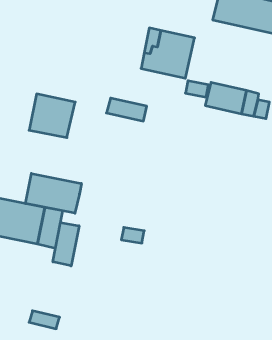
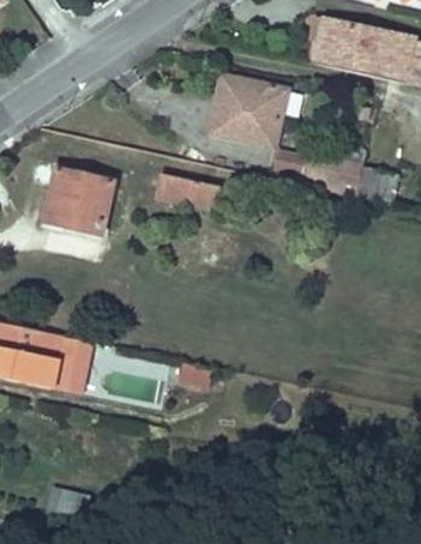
building: [25,173,81,213] -> none
building: [53,222,79,266] -> none

